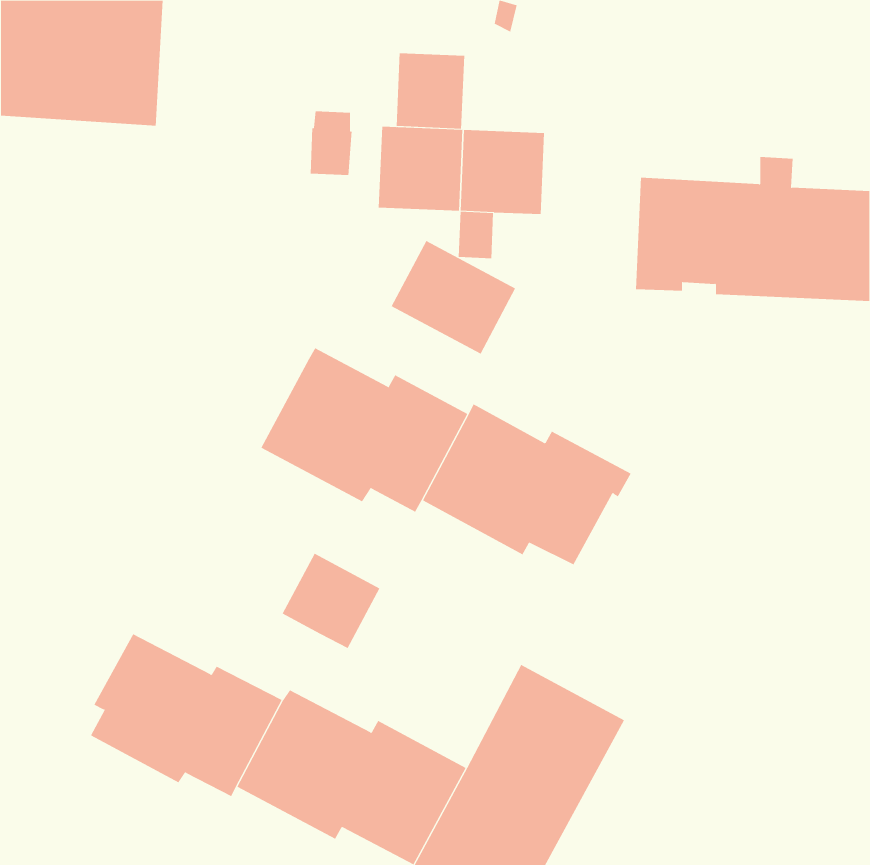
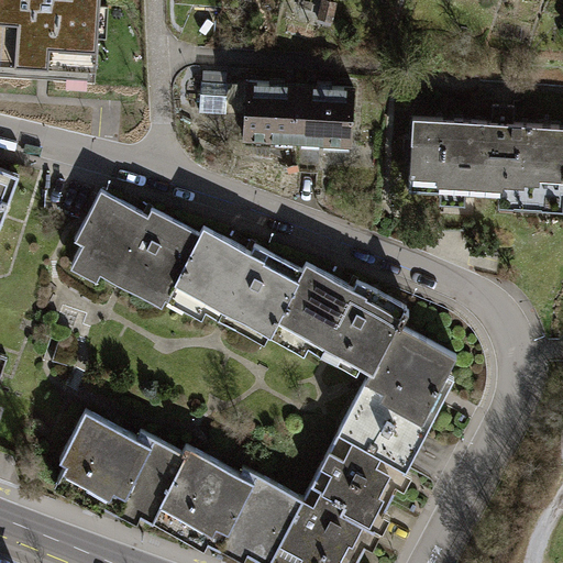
building: [396,53,465,129] -> none
building: [391,240,516,354] -> none
building: none -> [74,191,199,298]
building: none -> [336,322,455,468]
building: [282,553,380,649] -> none

